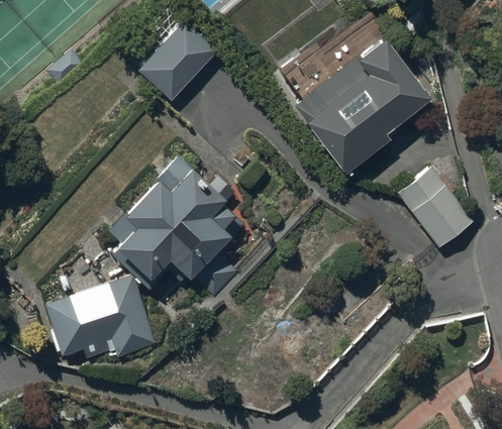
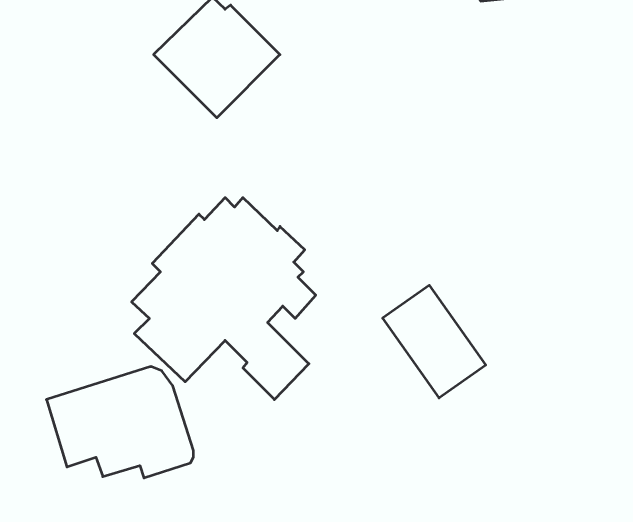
building: [286,29,430,171] -> none
building: [397,168,473,250] -> [383,285,486,398]

